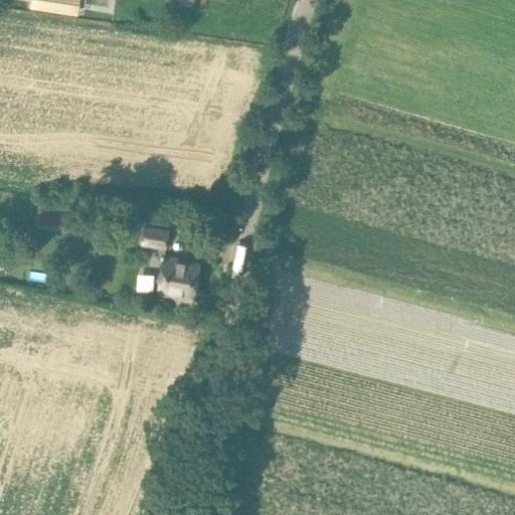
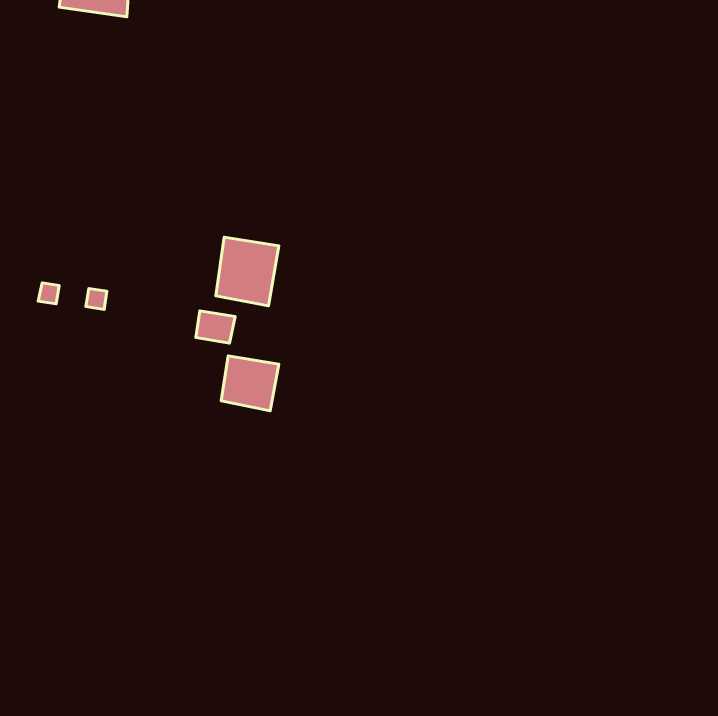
building: none -> [216,237,279,306]

